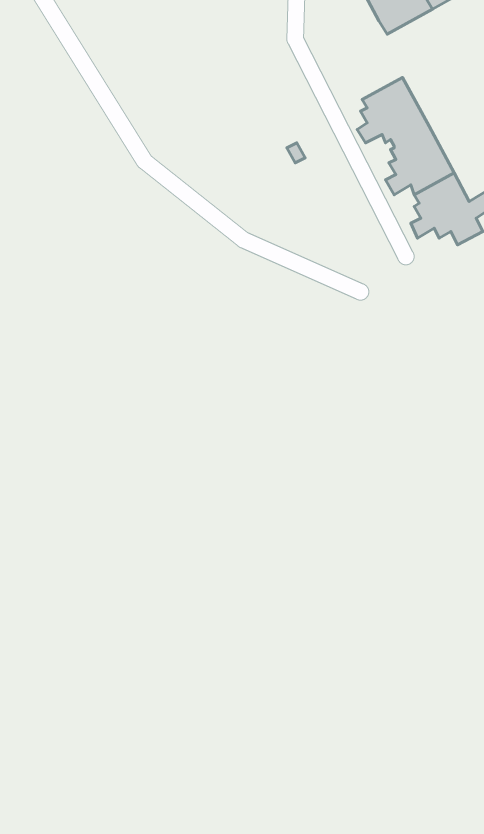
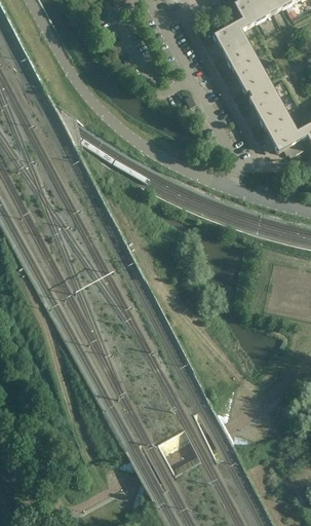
building: none -> [206,17,256,66]

